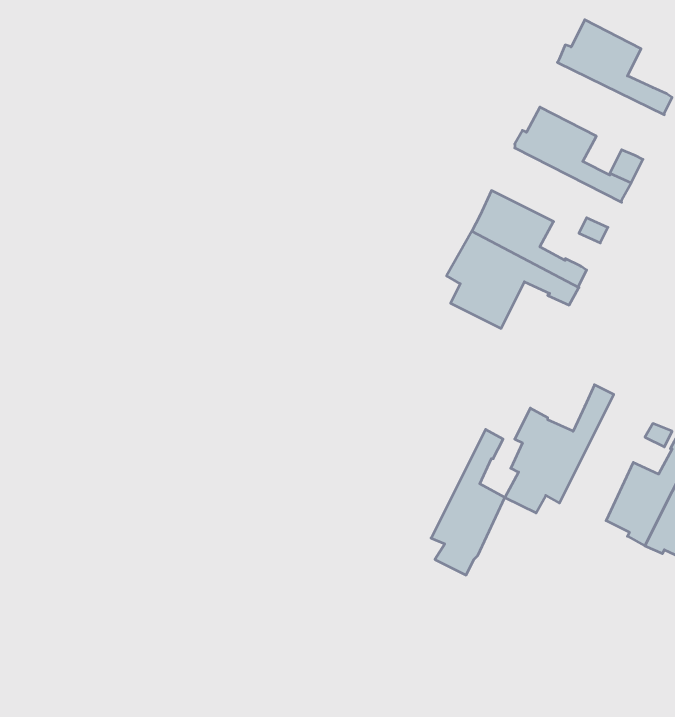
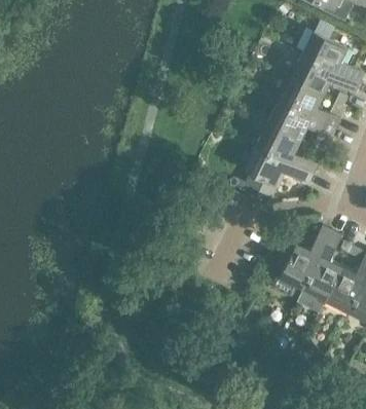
building: none -> [293,54,359,94]
building: none -> [267,100,336,139]
building: [431,429,505,575] -> [303,230,342,307]

